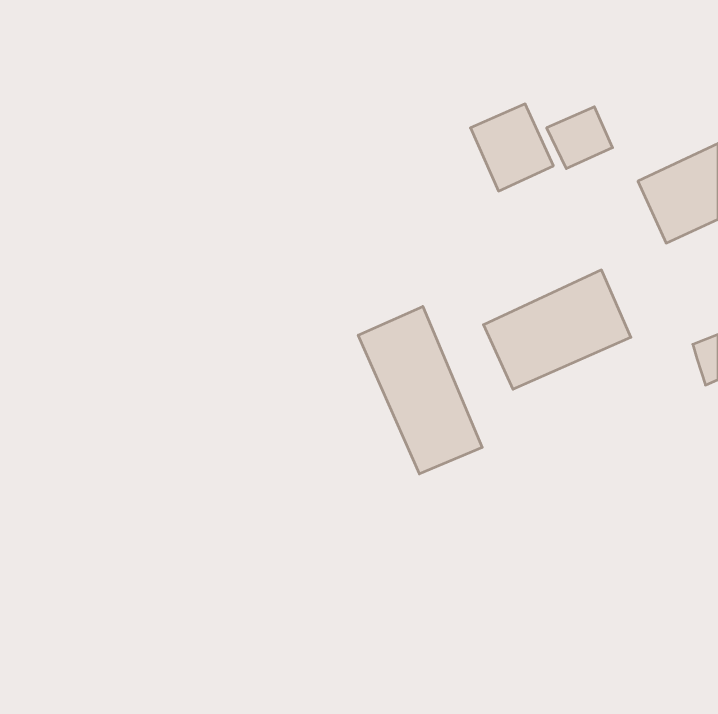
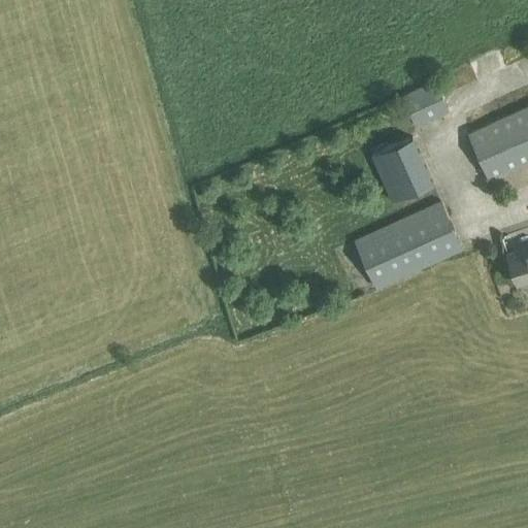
building: [470,104,553,191] -> [371,138,432,202]
building: [358,306,482,474] -> none

